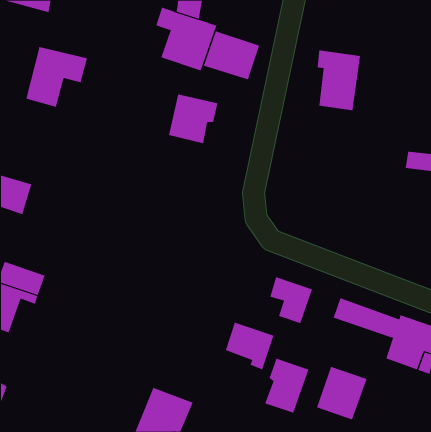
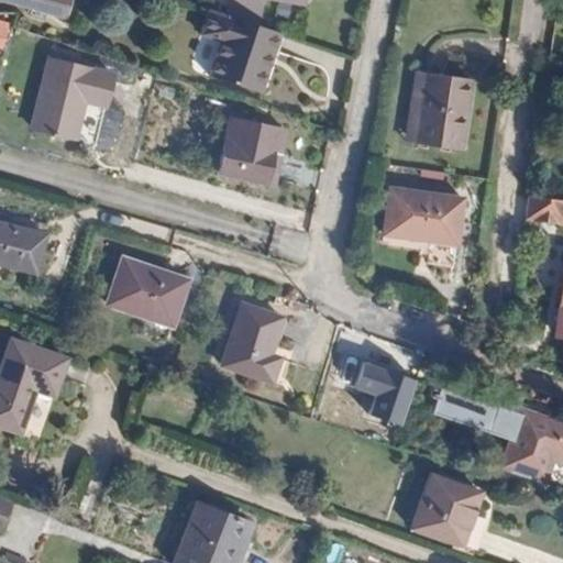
building: [203,30,260,80] -> none
building: none -> [385,184,465,236]
building: none -> [107,257,187,325]
building: none -> [222,308,280,383]
building: [225,322,274,370] -> none
building: [265,358,309,414] -> none

